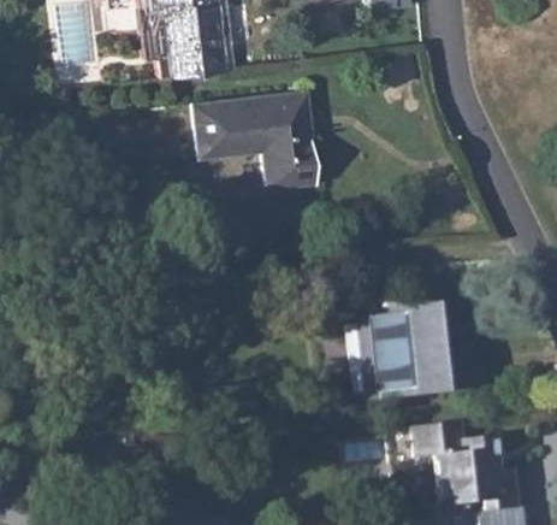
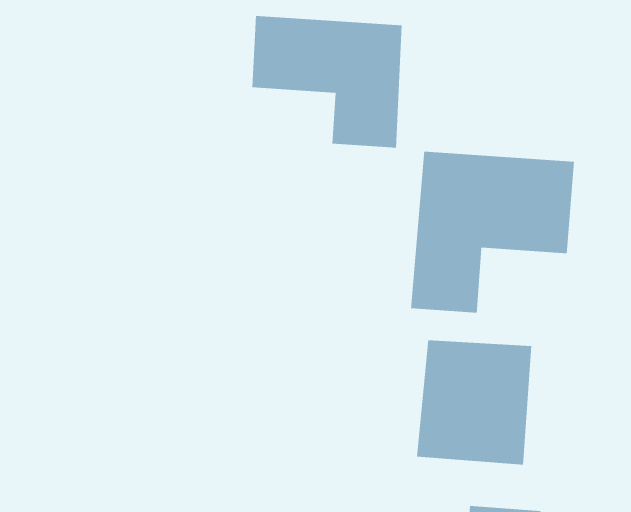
building: none -> [410,151,575,314]

